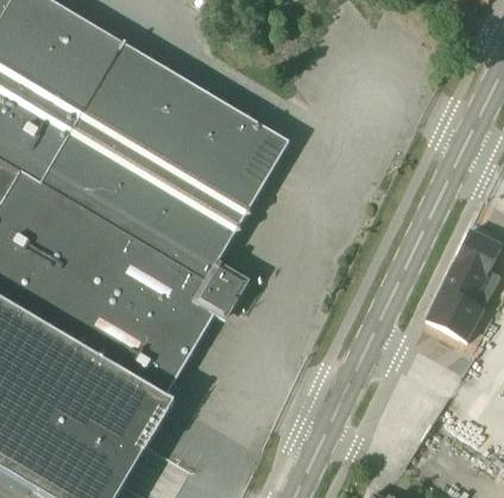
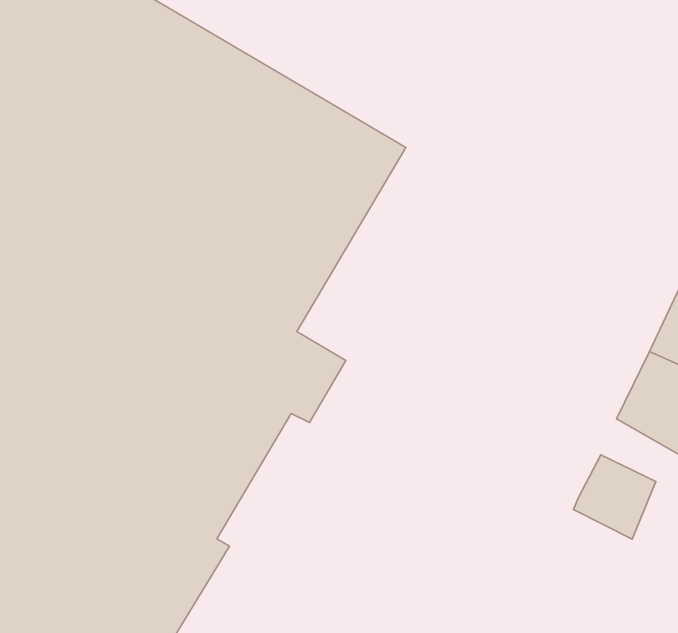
building: none -> [573,455,656,539]

